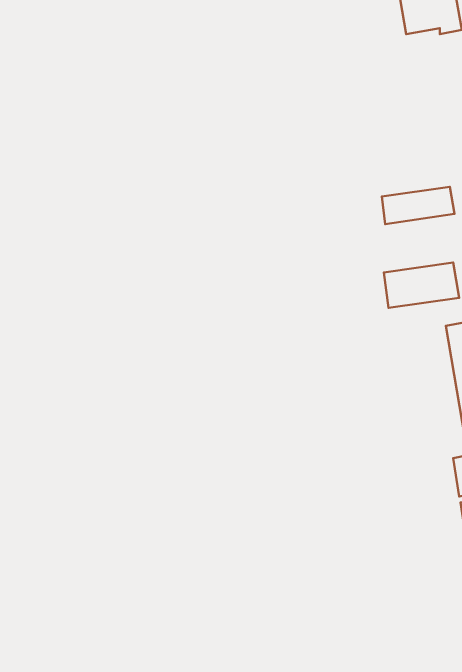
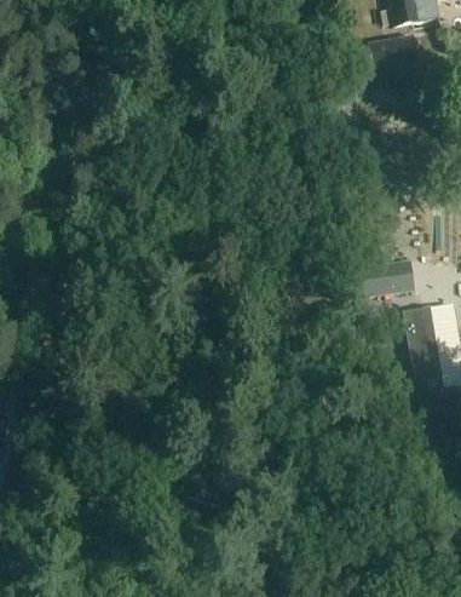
building: [382,187,455,224] -> none

